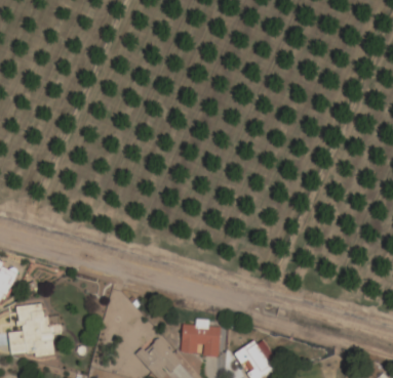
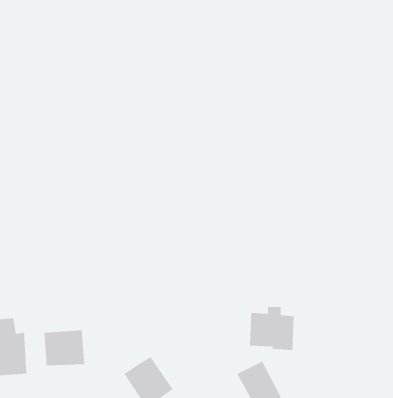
building: none -> [44,330,85,366]
building: [181,319,220,356] -> [249,306,294,350]

